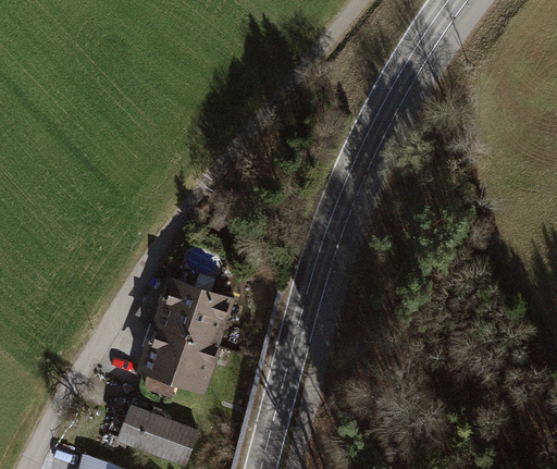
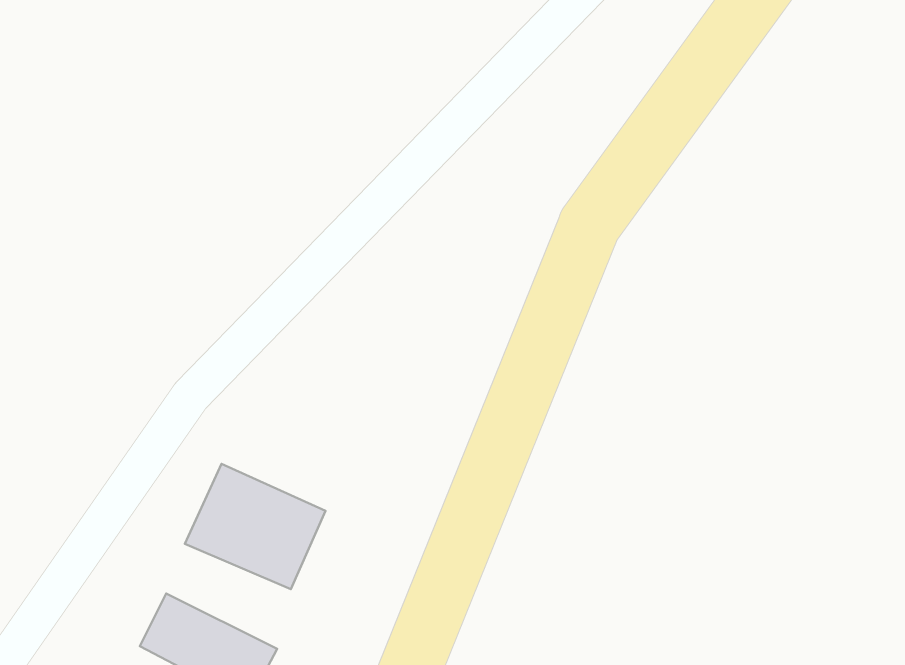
building: [153,279,232,347] -> none

